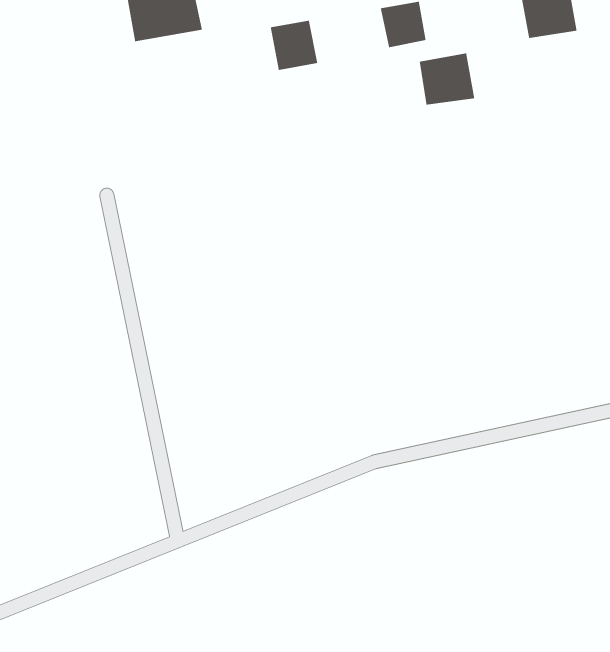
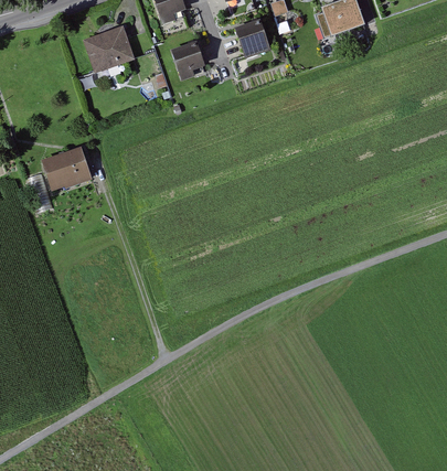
building: [419,52,475,105] -> none
building: none -> [40,147,92,192]

